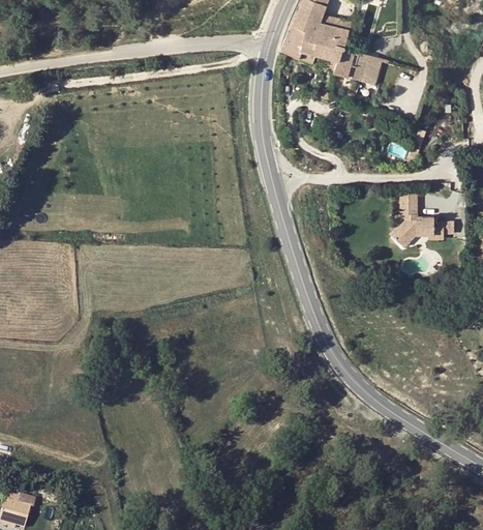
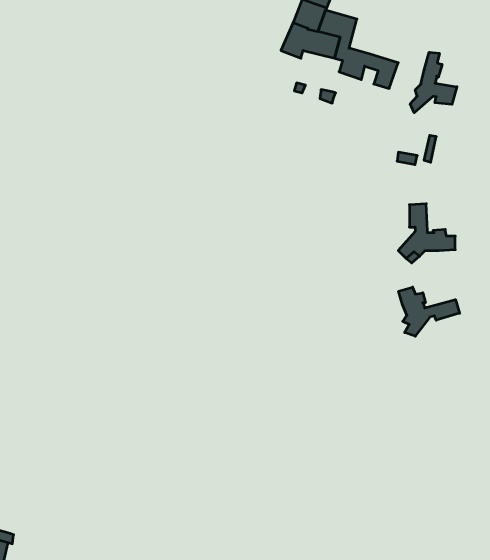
building: none -> [410,52,457,113]
building: none -> [399,287,460,336]

